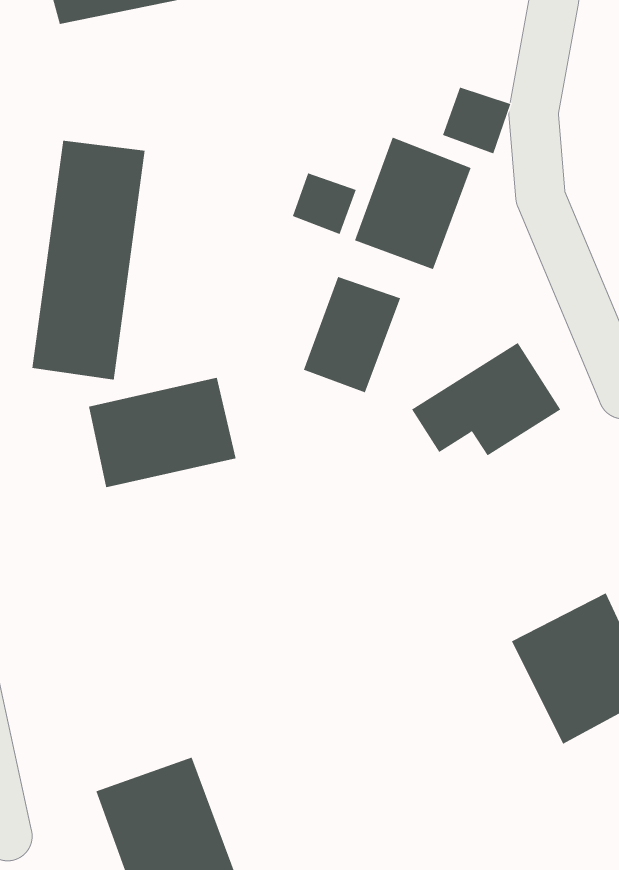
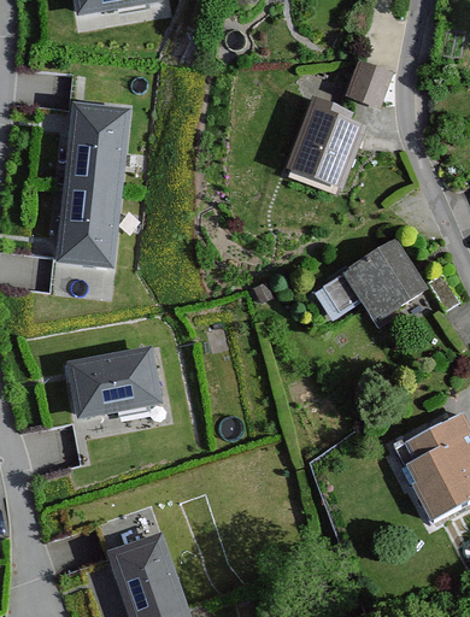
building: [292,172,357,235] -> none
building: [303,276,401,393] -> none
building: [88,377,237,488] -> [59,347,163,424]

